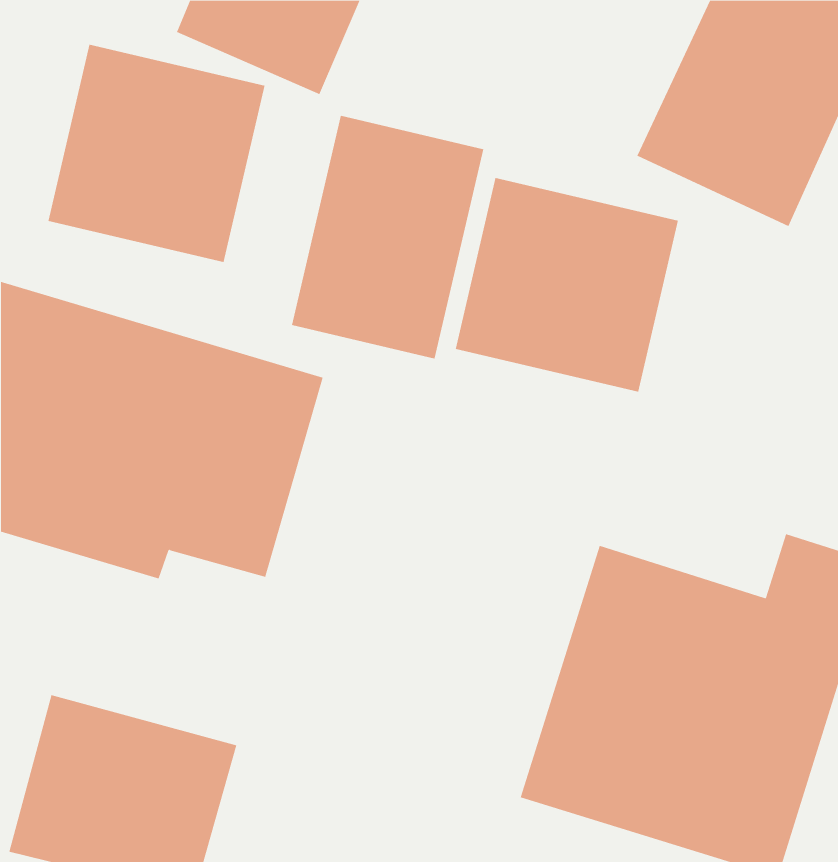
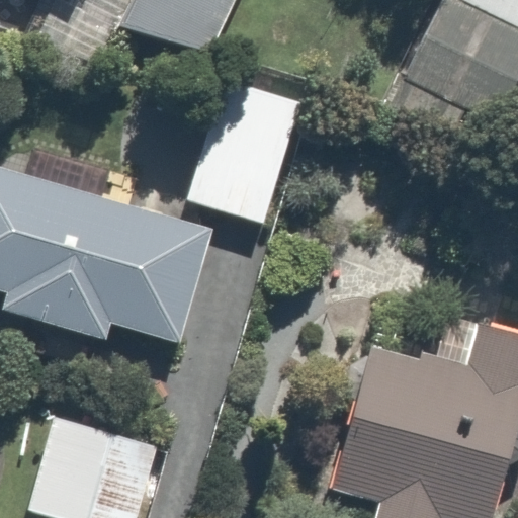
building: [48,44,265,263] -> none
building: [455,177,679,393] -> none

